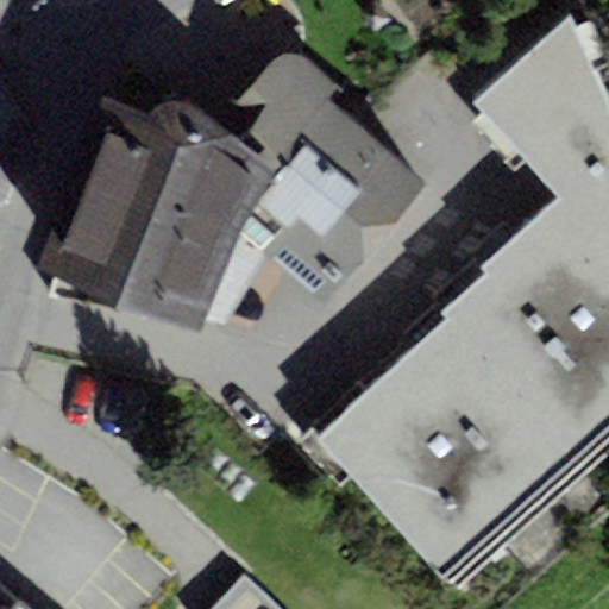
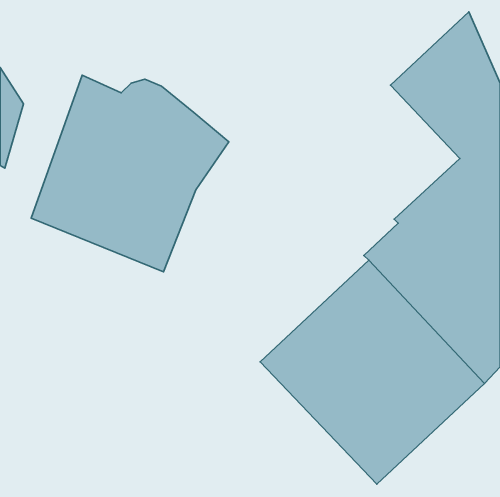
building: [236,50,426,303] -> none

